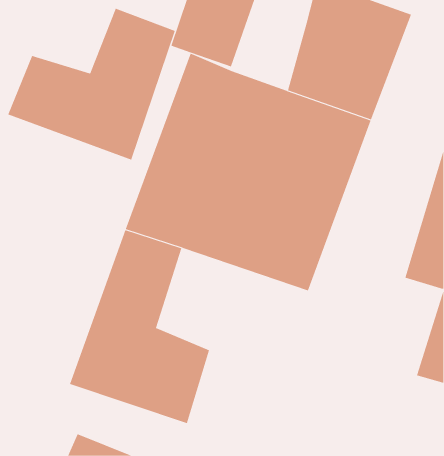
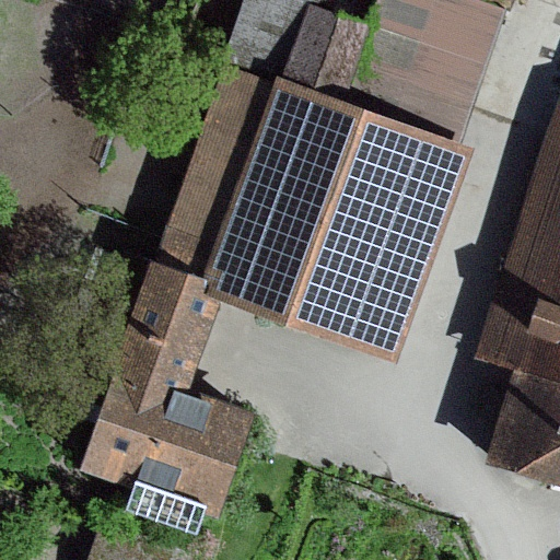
building: none -> [282,9,373,110]
building: [7,8,176,161] -> none

